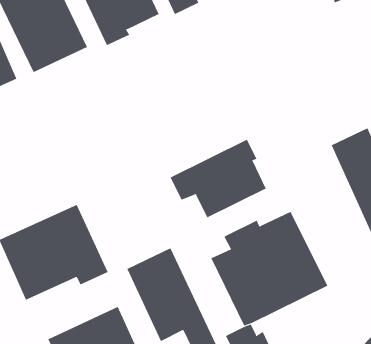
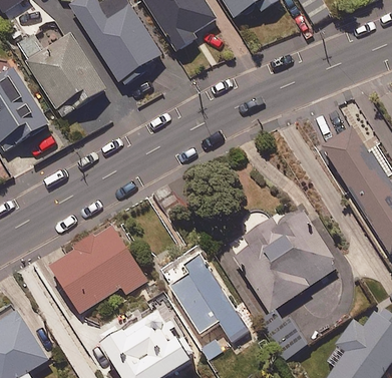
building: [170,139,267,218] -> none

